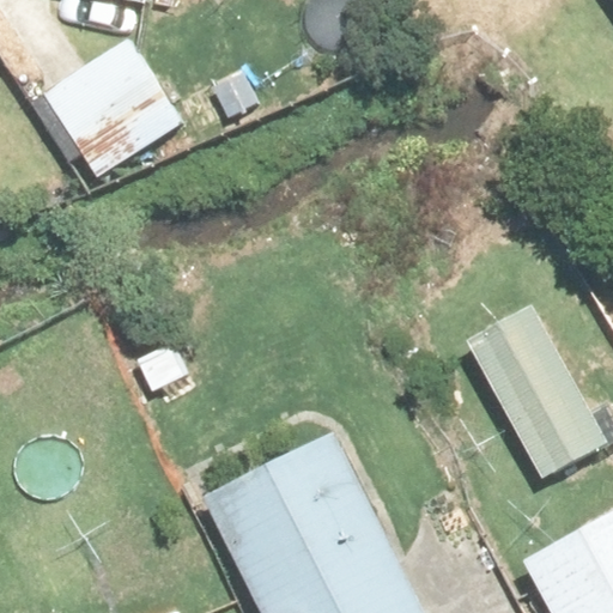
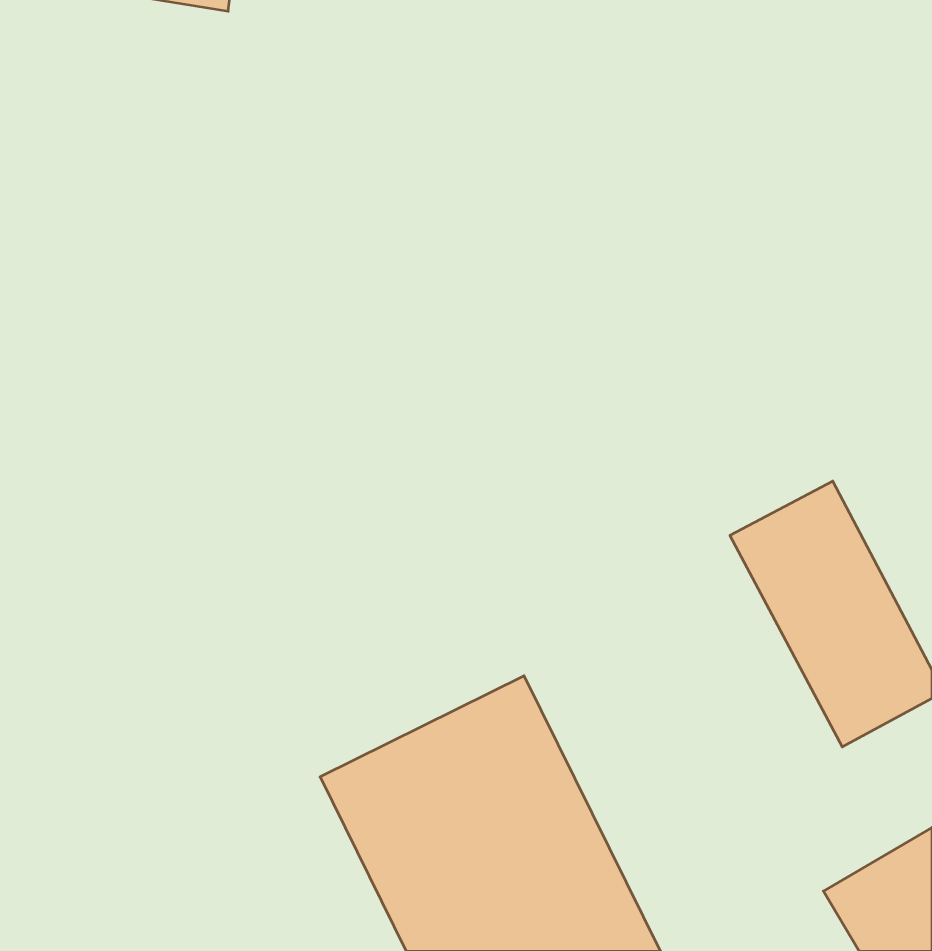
building: [36,36,182,183] -> none

